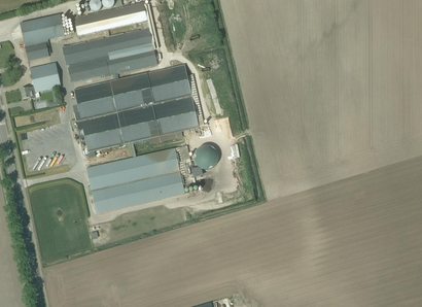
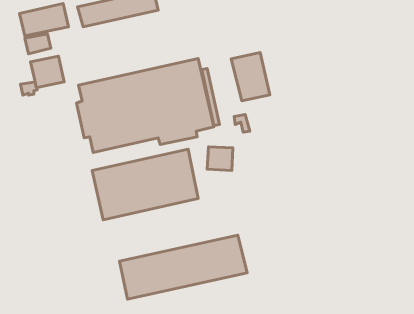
building: [62,27,157,81] -> none
building: none -> [231,53,270,101]
building: none -> [119,235,247,299]

